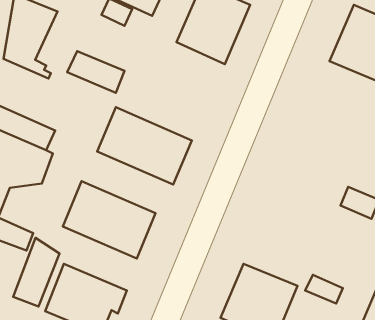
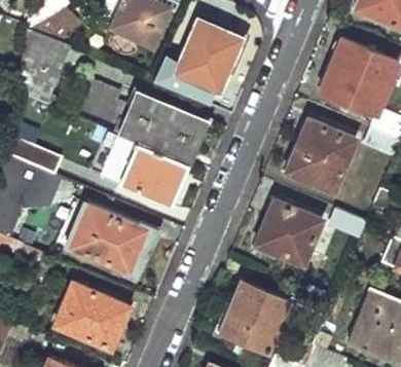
building: none -> [120,91,210,164]
building: none -> [285,119,355,192]
building: none -> [252,199,321,264]
building: [13,238,60,306] -> none

